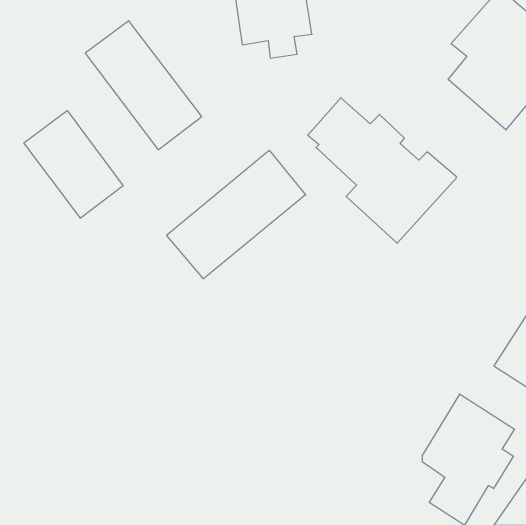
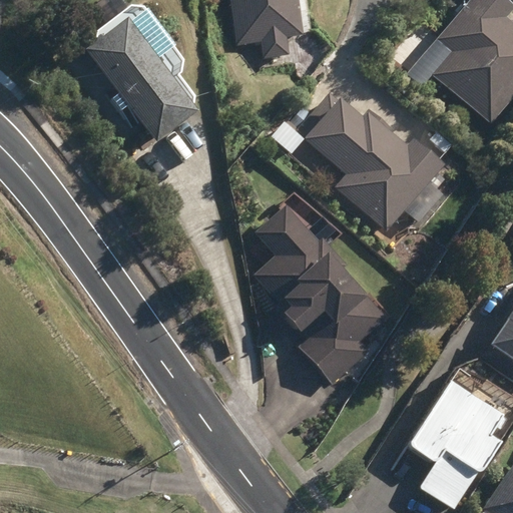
building: [24,111,123,218] -> none
building: [167,150,306,279] -> none
building: none -> [258,197,395,381]

